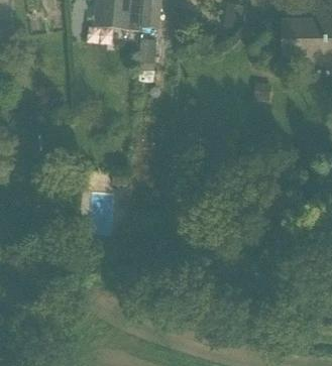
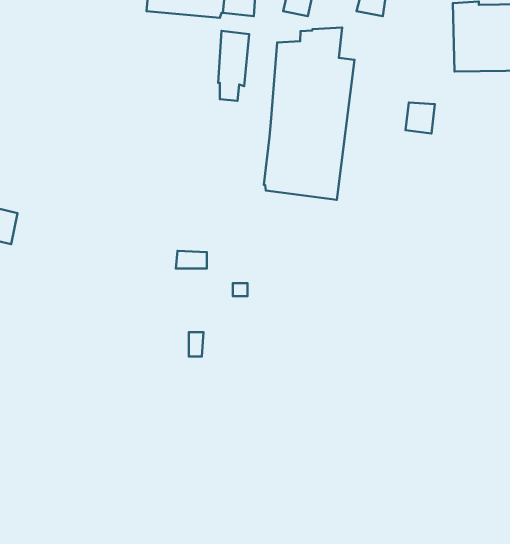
building: none -> [264,27,355,200]

